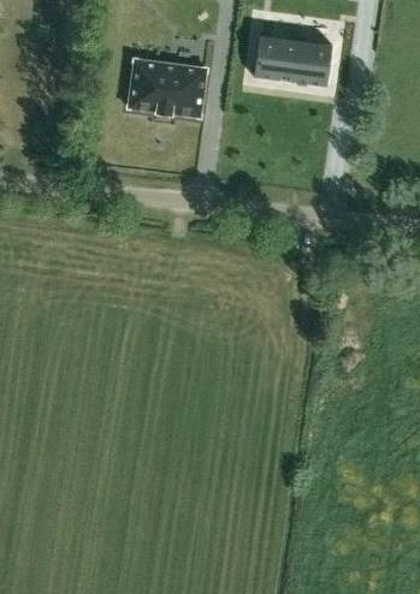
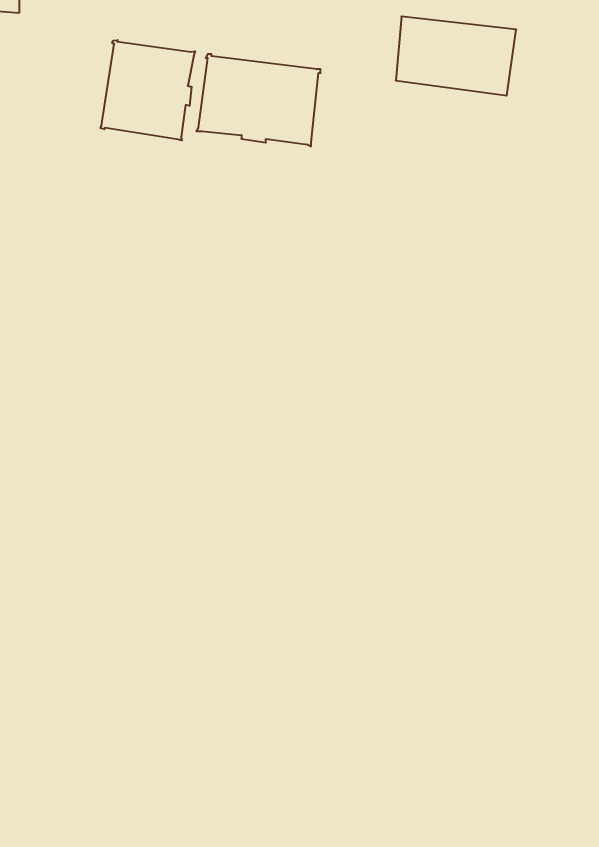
building: none -> [101,40,195,140]

